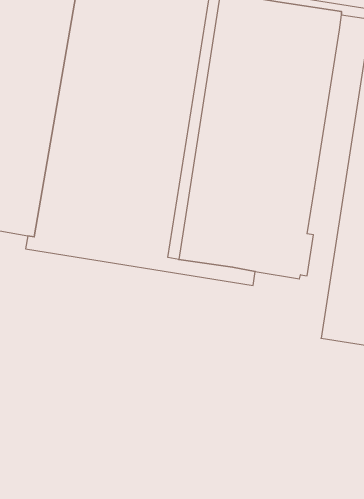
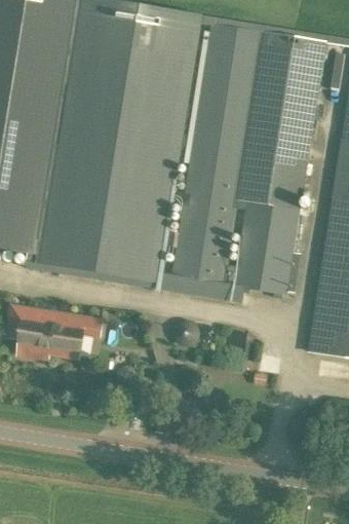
building: none -> [6,306,102,359]

